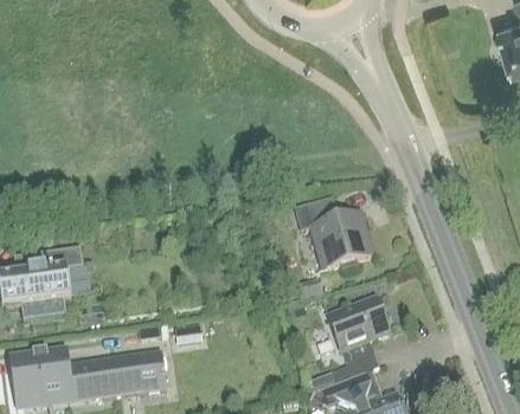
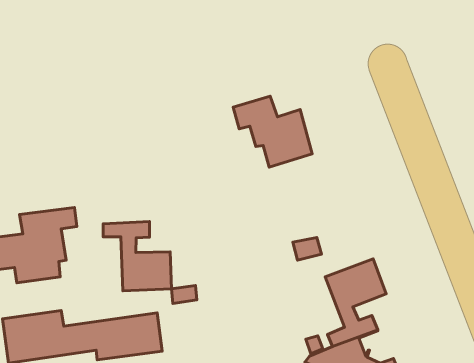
building: [295,199,373,269] -> [233,96,312,167]
building: none -> [103,222,172,291]

